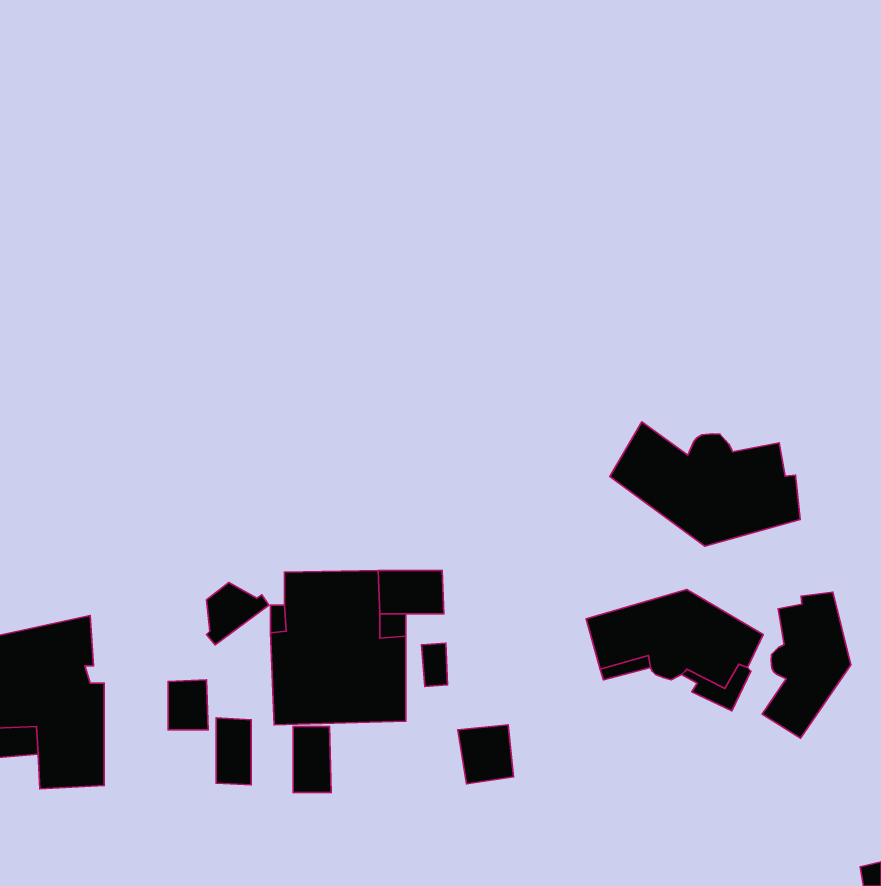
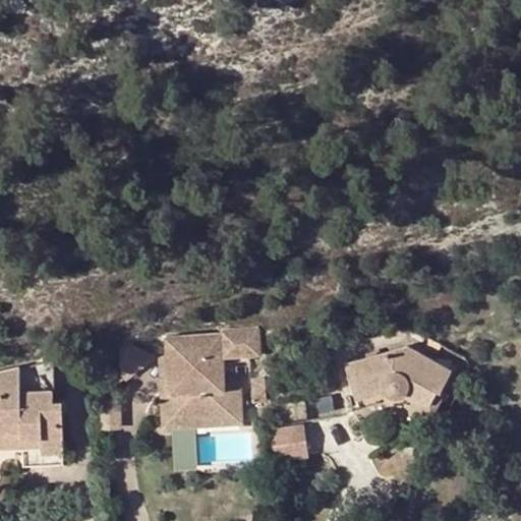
building: [610,422,800,546] -> none
building: [762,592,851,738] -> none
building: [216,718,251,785] -> none

